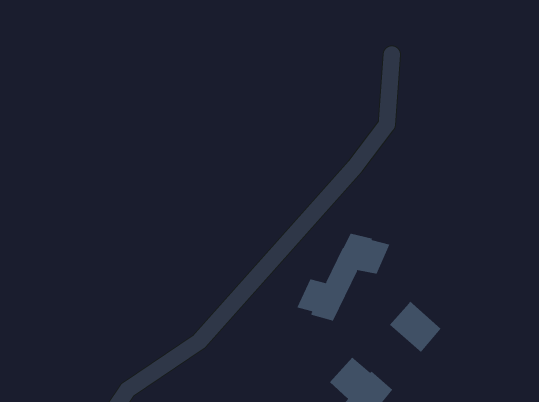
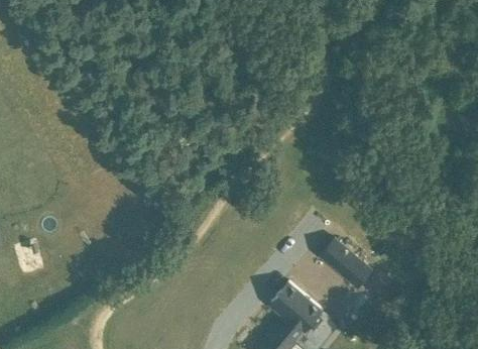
building: [296,233,390,321] -> none

